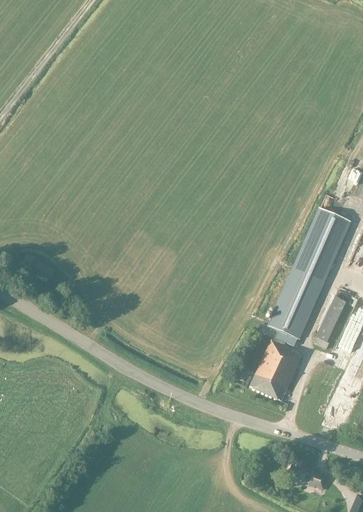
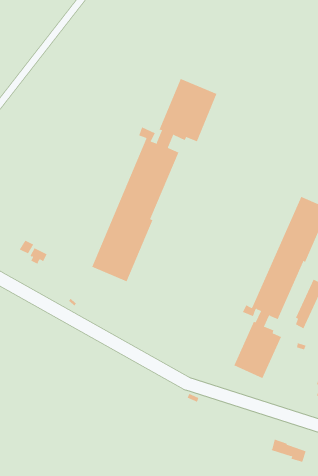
building: none -> [92,78,217,282]

